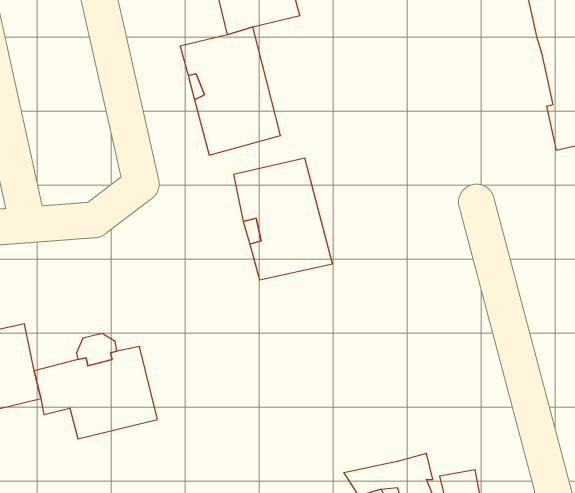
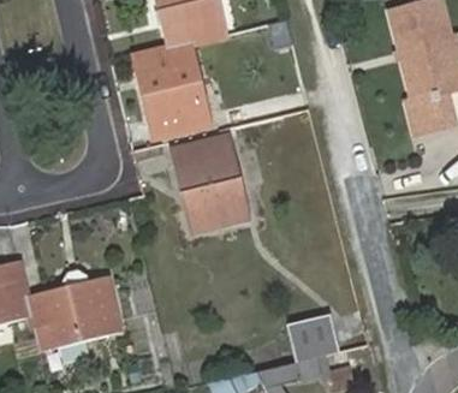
building: none -> [286,314,339,363]

